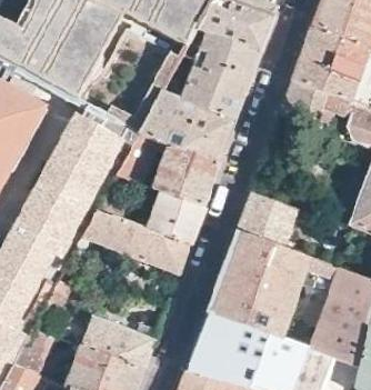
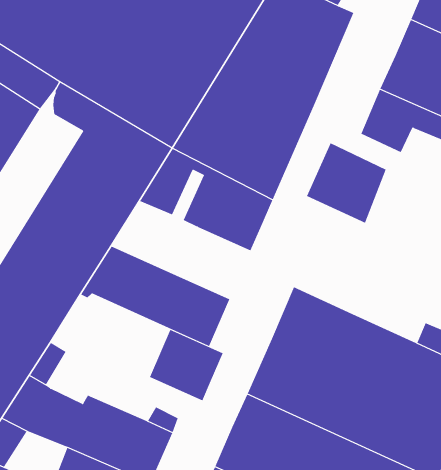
building: [238,189,297,248] -> [306,142,386,224]
building: [150,190,204,242] -> [149,329,223,401]

